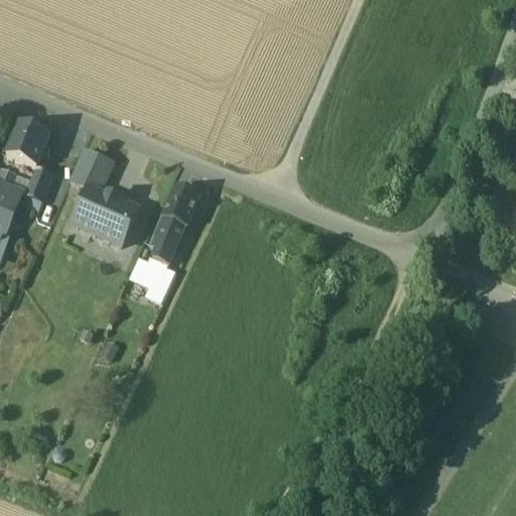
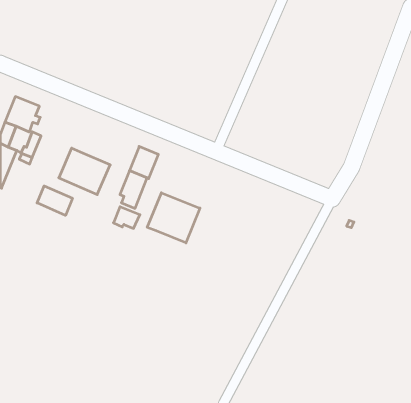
building: [72,147,114,190] -> none
building: none -> [37,186,72,215]
building: none -> [147,193,200,243]

